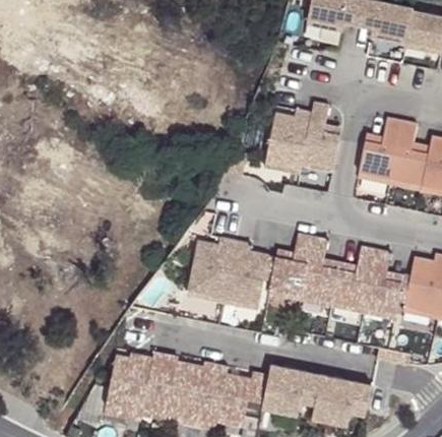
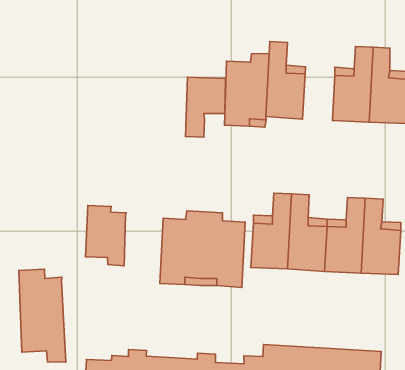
building: none -> [185,77,226,137]
building: none -> [86,206,126,266]
building: none -> [19,269,66,362]

